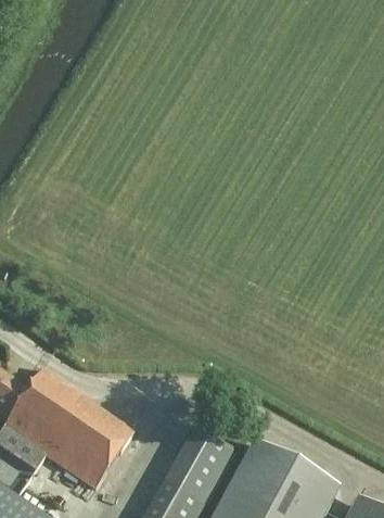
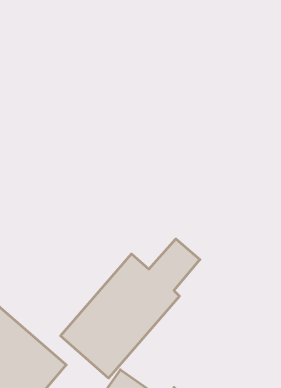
building: none -> [61,239,200,378]

